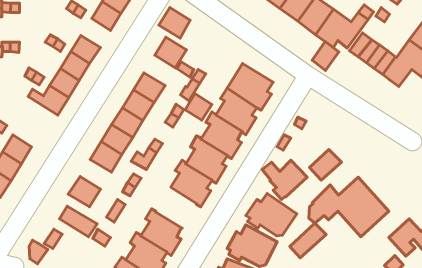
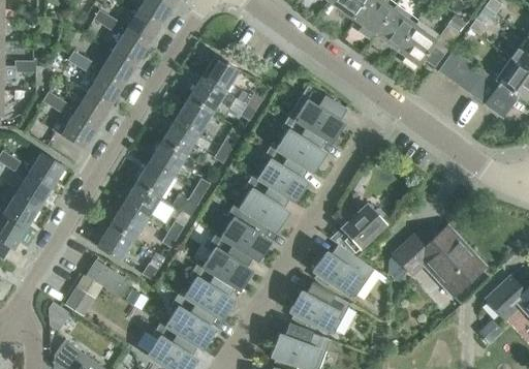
building: [159,8,190,38] -> [188,76,226,114]
building: none -> [112,32,148,67]
building: [312,42,339,70] -> none
building: [185,94,212,120] -> none
building: none -> [29,153,65,188]
building: [310,150,341,180] -> none
building: none -> [111,204,149,240]
building: none -> [203,234,252,291]
building: [290,223,326,258] -> none

